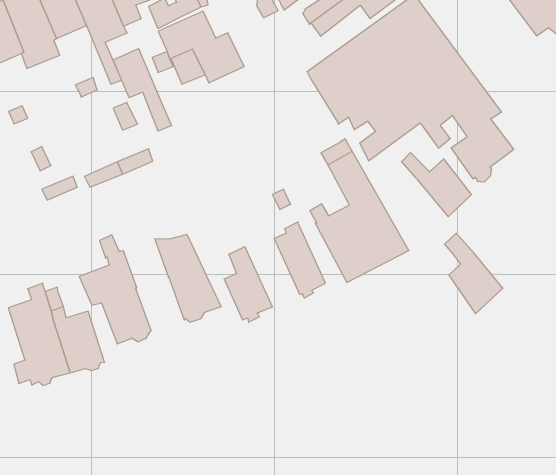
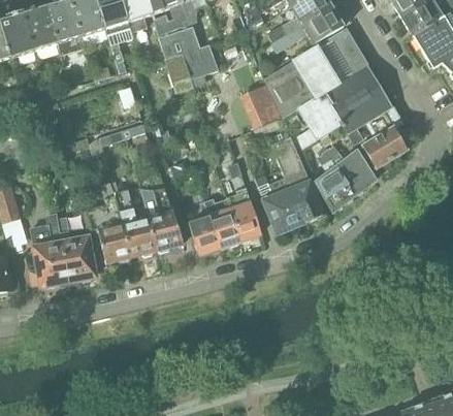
building: [113,49,172,131] -> none
building: none -> [242,83,283,128]
building: [444,233,503,314] -> [317,150,356,210]
building: none -> [206,196,242,246]
building: none -> [115,188,157,255]

